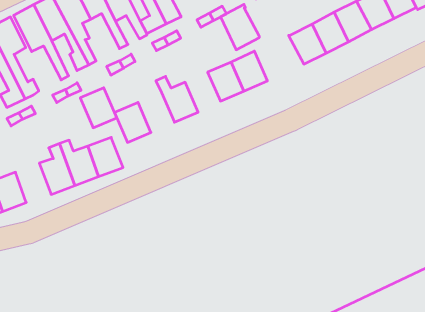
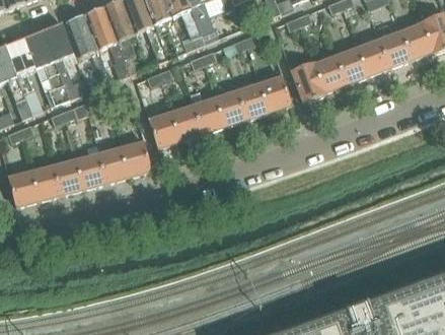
building: [221,4,259,50] -> [292,62,325,103]
building: none -> [216,91,246,127]
building: [80,88,117,128] -> [171,106,203,141]
building: none -> [54,159,84,194]

